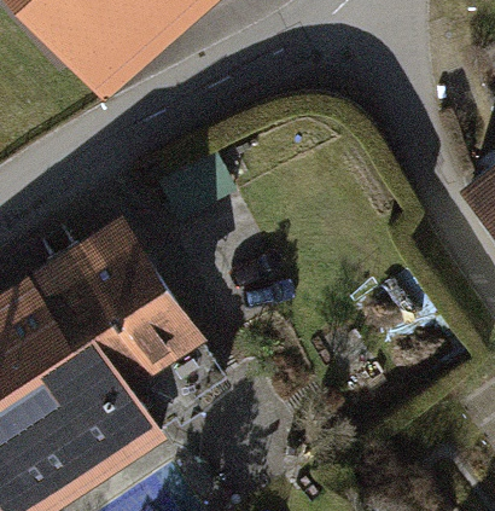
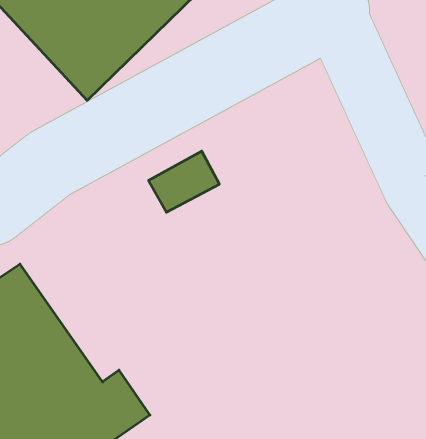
building: [31,220,203,401] -> none

